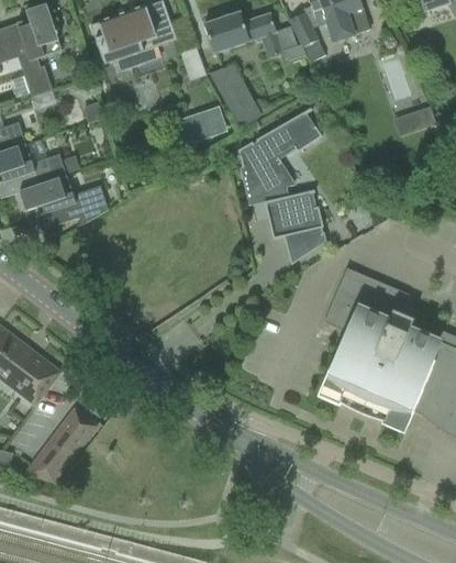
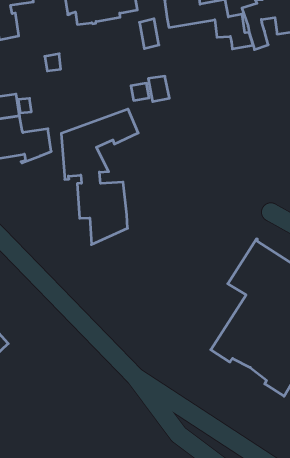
building: [209,65,260,126] -> none
building: [237,111,326,265] -> [61,109,138,245]

